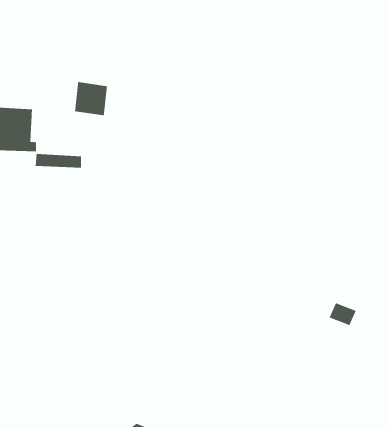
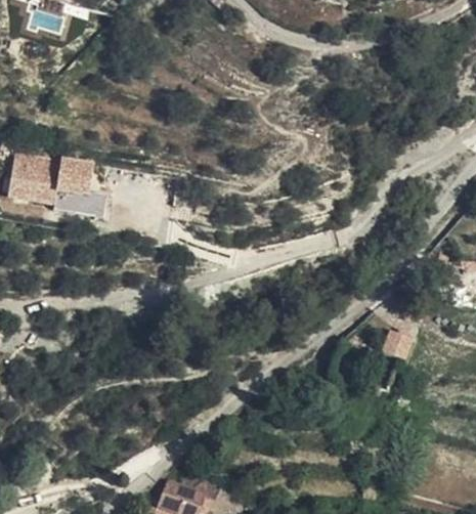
building: [74,81,108,116] -> [58,157,92,191]

